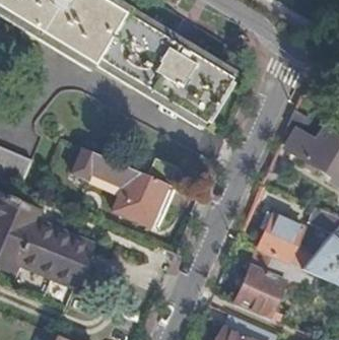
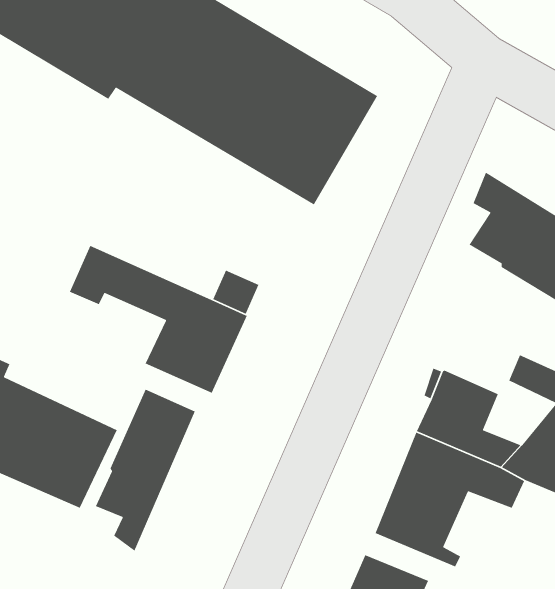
building: none -> [95,388,196,552]

